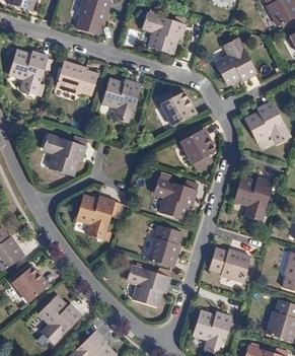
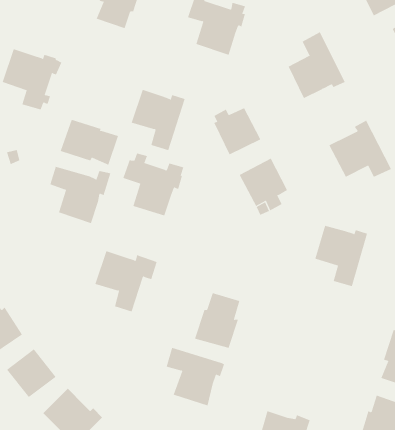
building: [56,61,98,94] -> [60,119,119,165]
building: [153,173,198,219] -> [123,153,184,216]
building: [209,248,250,281] -> none

